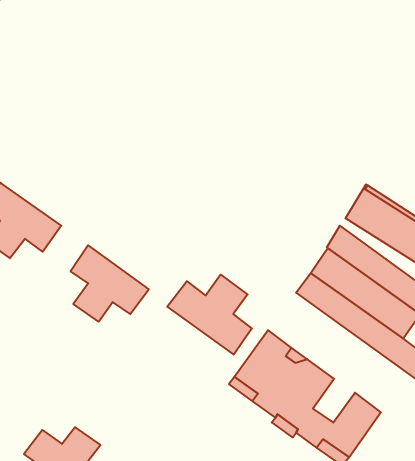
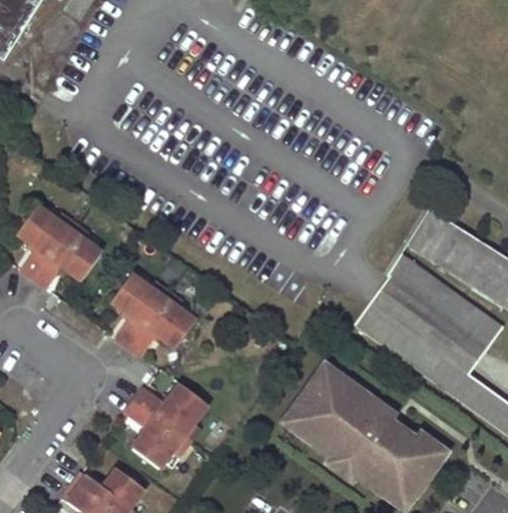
building: [167,275,252,355] -> none
building: none -> [126,384,207,468]
building: none -> [373,418,417,464]

